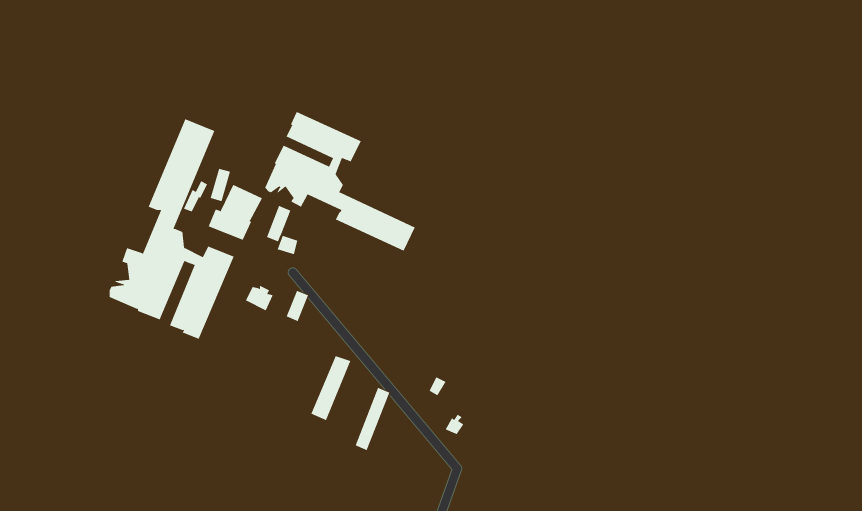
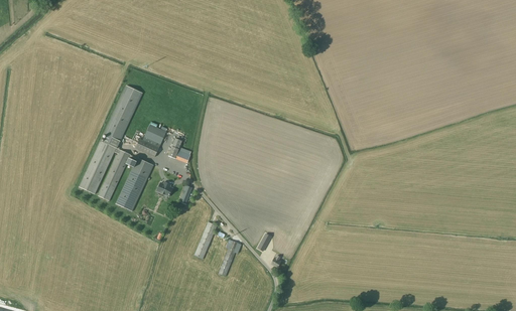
building: [265,111,415,252] -> none

